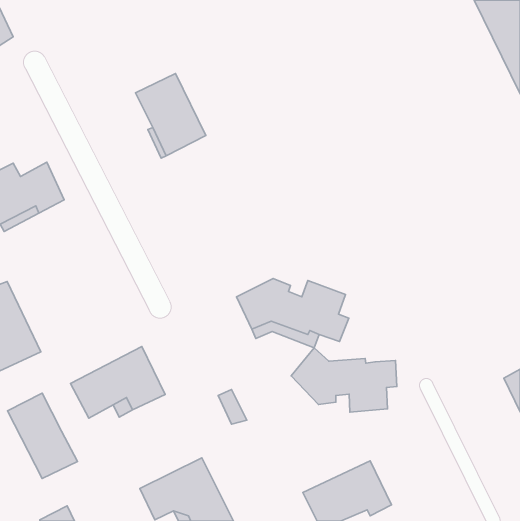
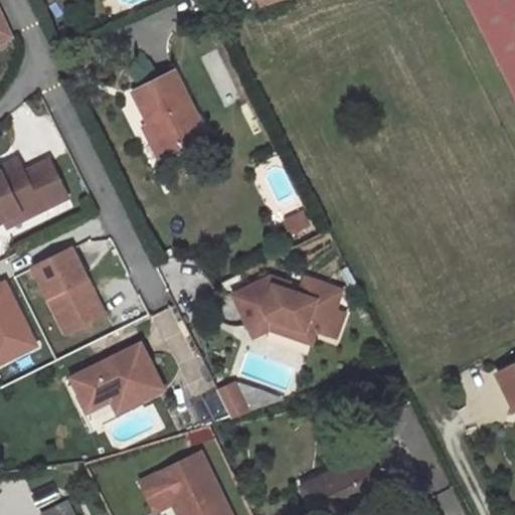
building: none -> [34,248,105,334]
building: [291,348,397,412] -> none
building: [8,393,78,479] -> none

